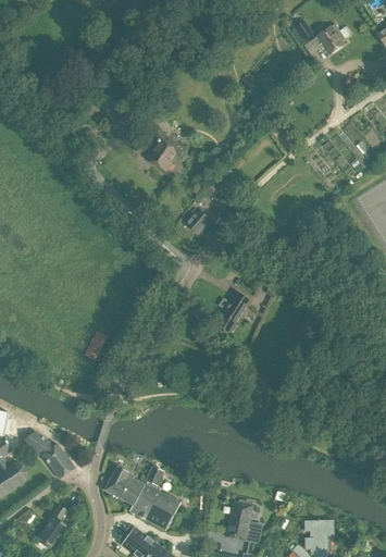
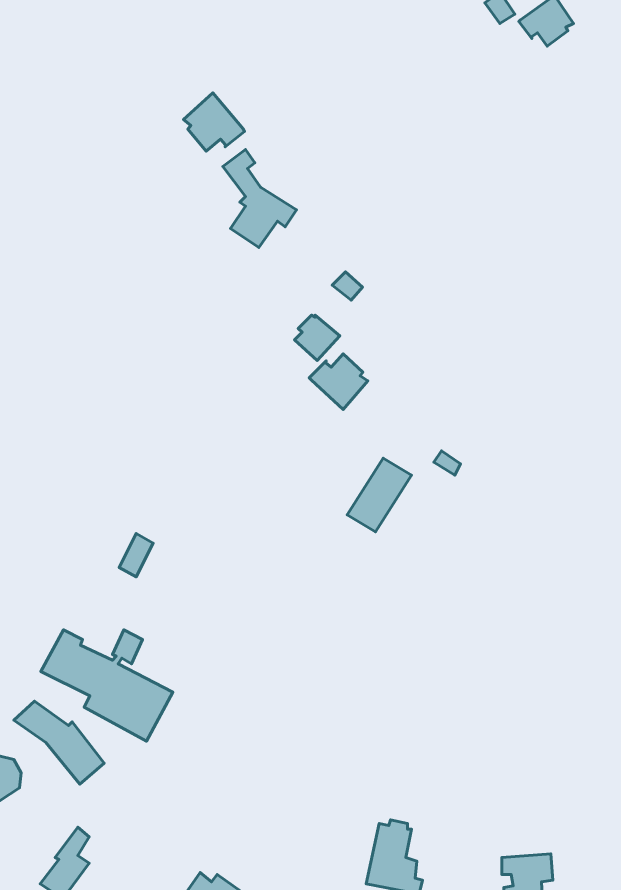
building: none -> [184,93,245,151]
building: none -> [309,354,368,409]
building: [104,466,180,530] -> [41,630,173,741]

